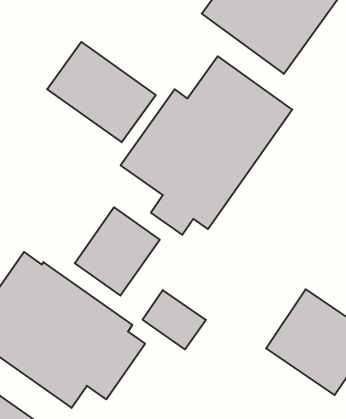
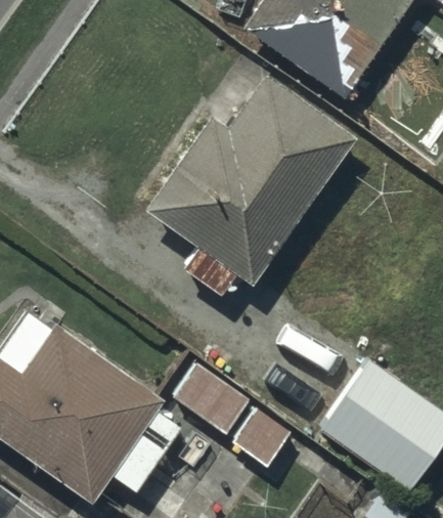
building: [47,42,156,142] -> none
building: [75,207,160,296] -> none

